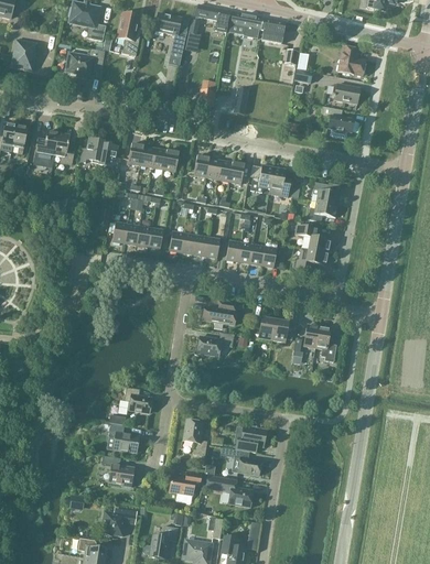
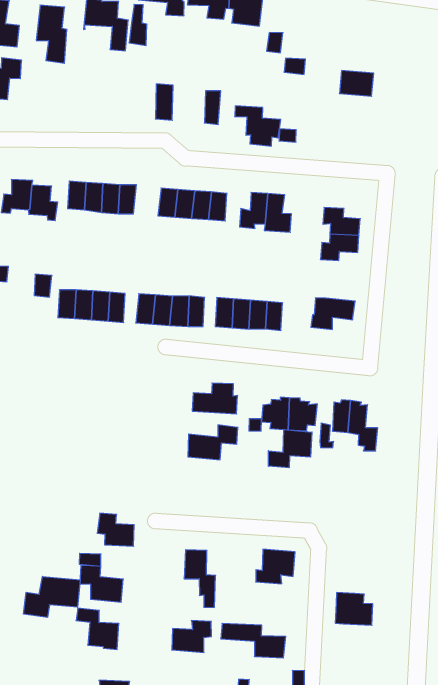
building: [338,46,365,75] -> none
building: [322,107,355,139] -> [235,106,281,146]
building: [294,225,334,252] -> none
building: none -> [268,429,312,468]
building: none -> [24,576,80,617]
building: [233,449,261,476] -> [335,593,373,625]

